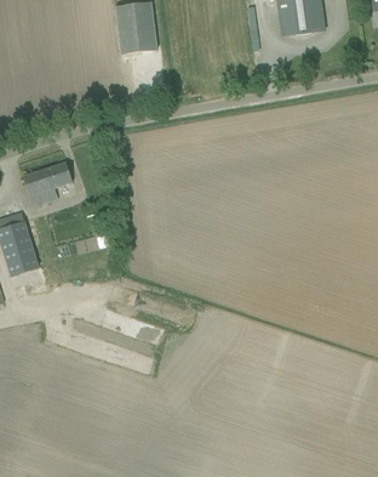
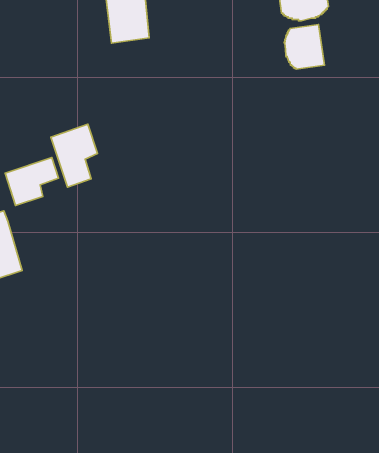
building: none -> [284,24,324,69]
building: none -> [51,124,98,187]

